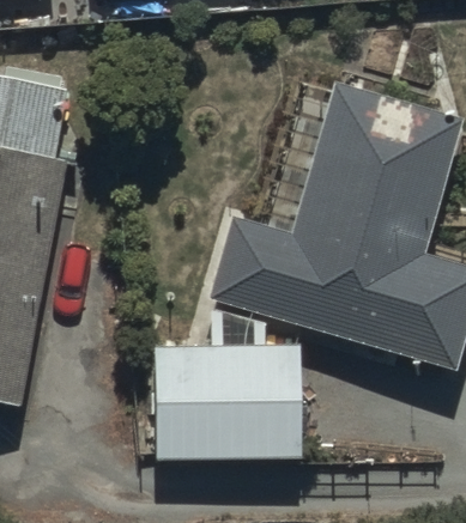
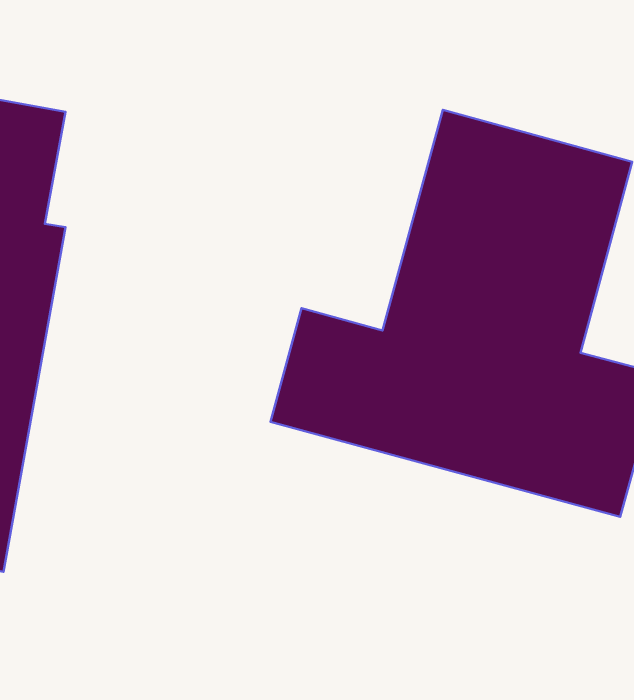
building: [145,336,297,446] -> none

